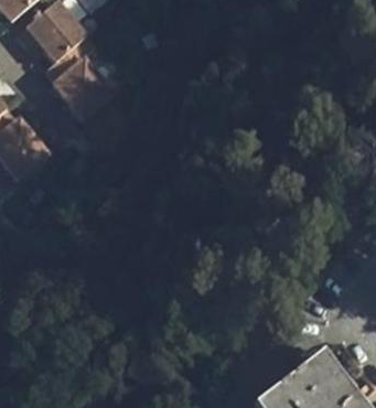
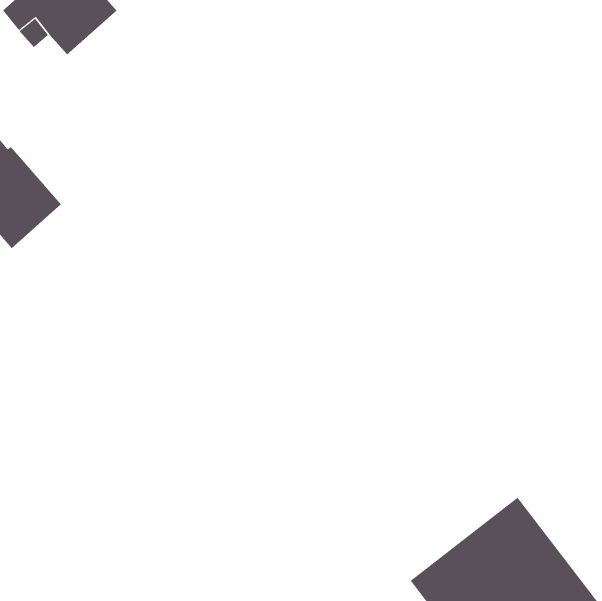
building: [42,41,110,122] -> none

